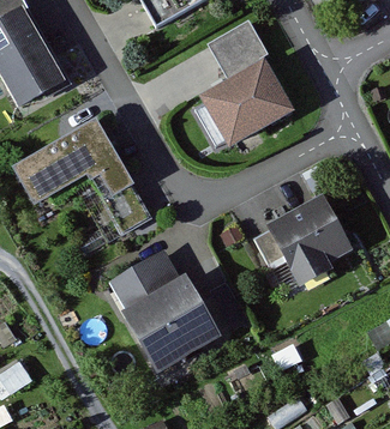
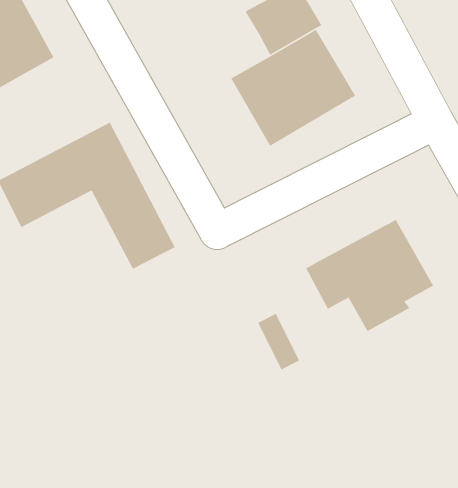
building: [114,252,229,373] -> none

